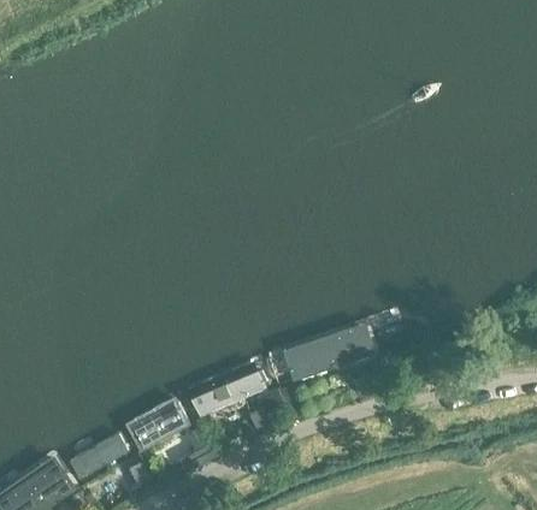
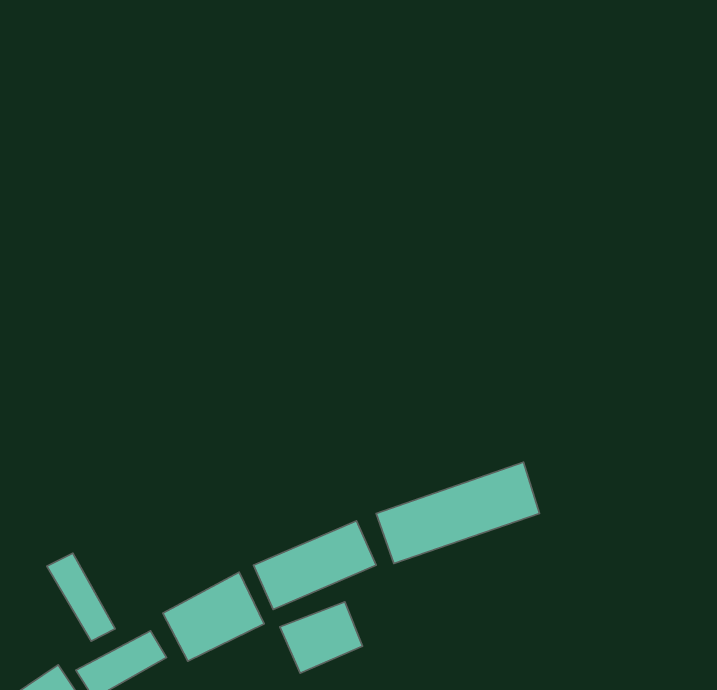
building: none -> [47,553,115,641]
building: none -> [280,602,363,673]

